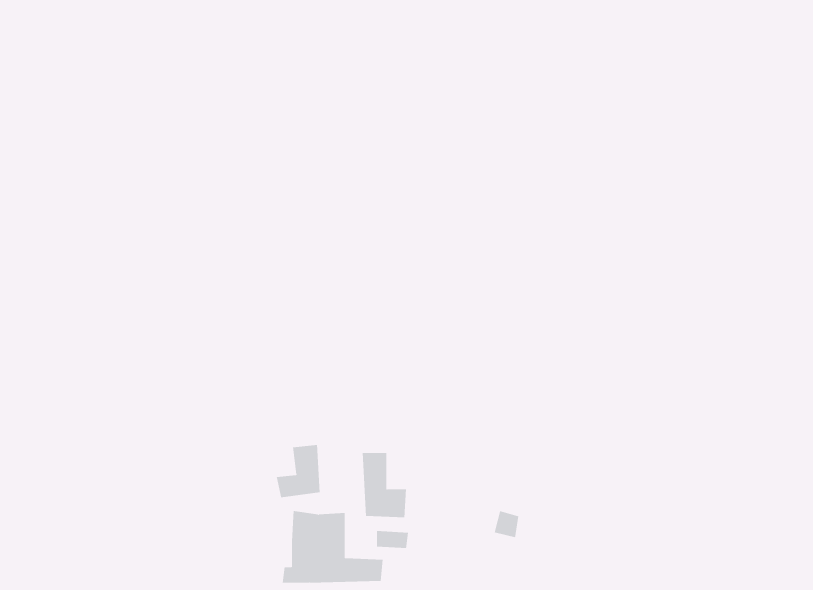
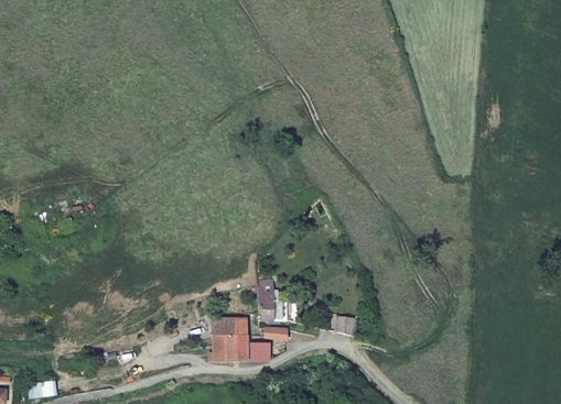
building: [276,444,320,498] -> none

